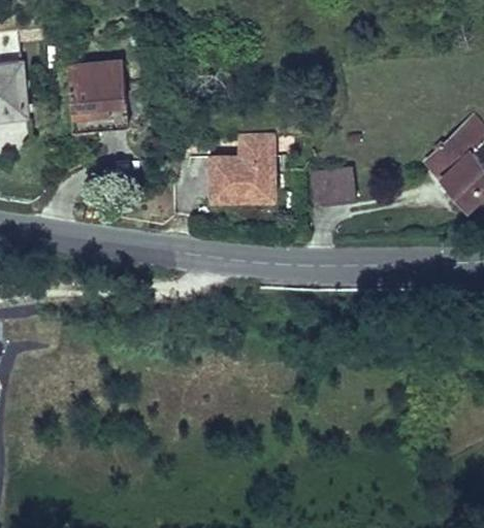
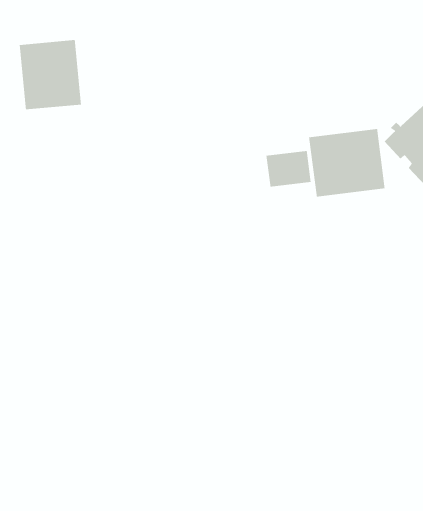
building: [209,136,272,198] -> none
building: none -> [308,128,386,197]

